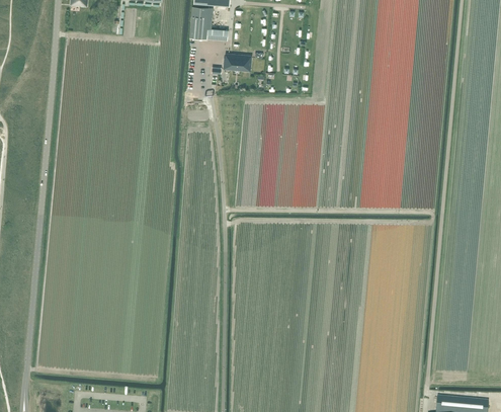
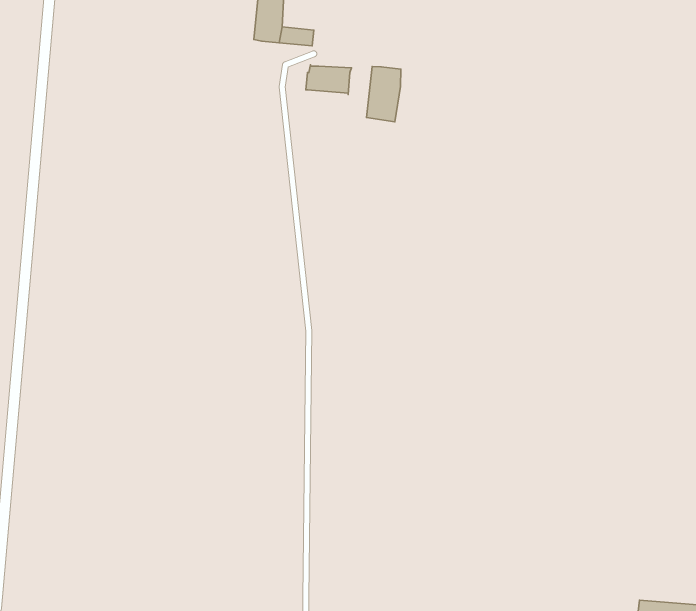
building: none -> [367,67,401,122]

